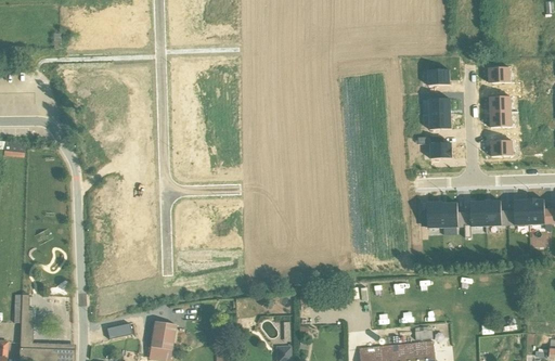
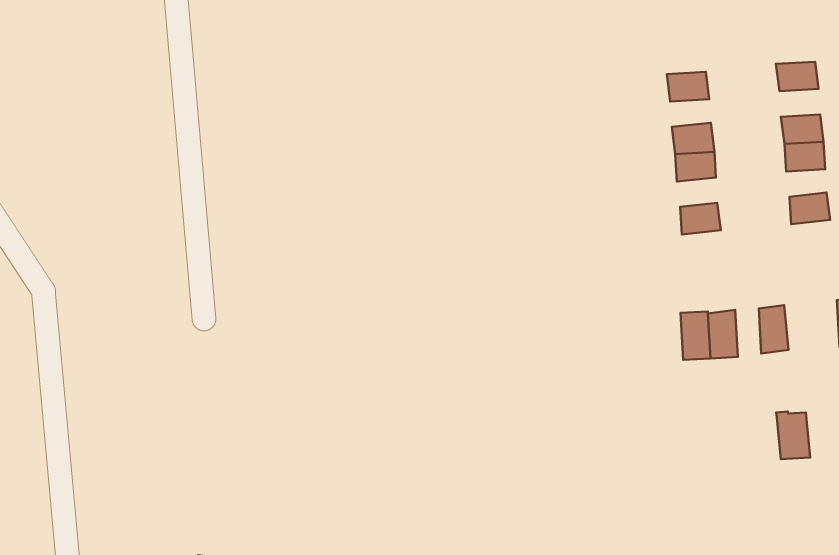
building: [485,199,502,225] -> [776,412,810,459]

